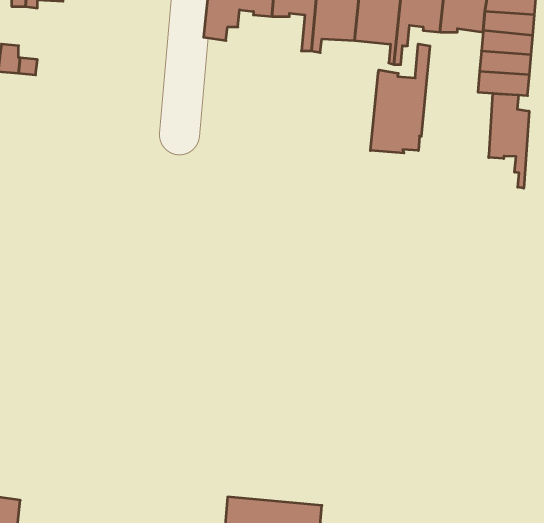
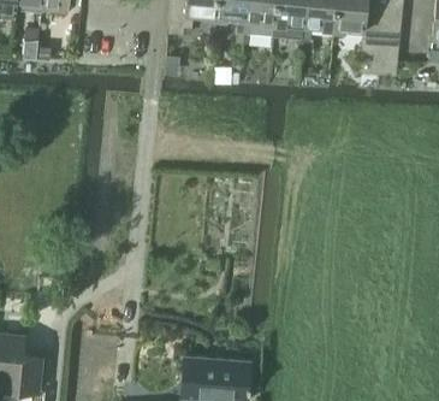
building: [370,44,430,153] -> none
building: [489,93,529,188] -> none

